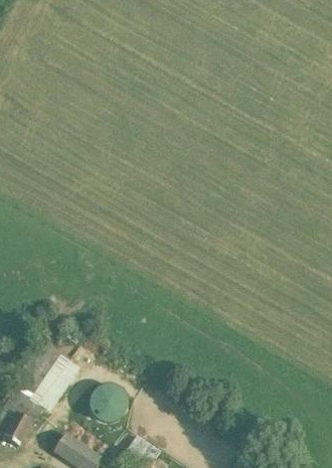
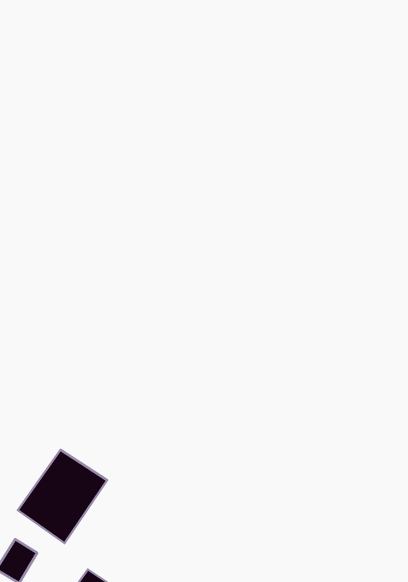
building: [91,382,124,422] -> none

